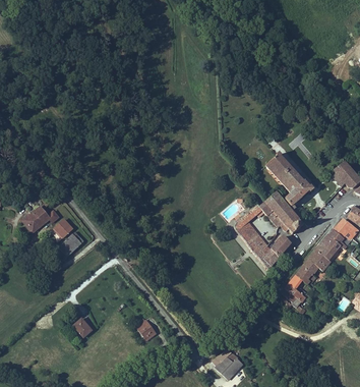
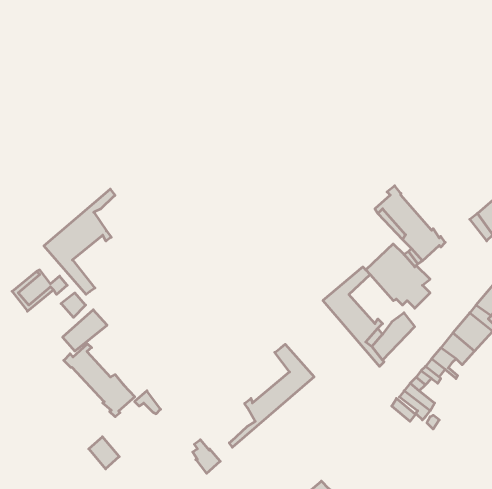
building: none -> [44,189,115,294]
building: none -> [64,344,135,417]
building: none -> [229,344,314,447]

